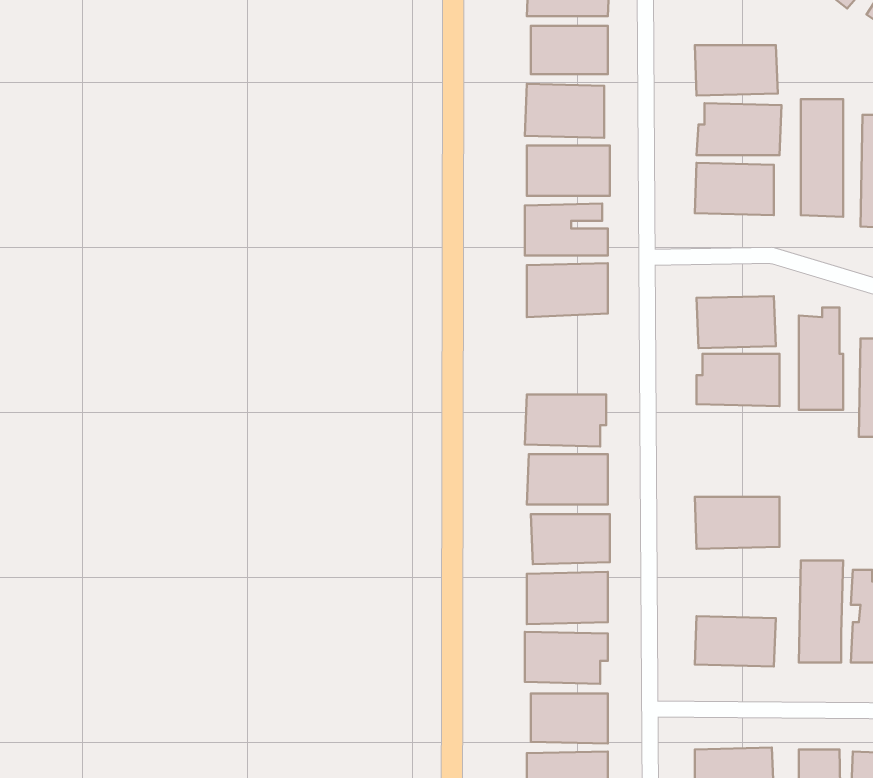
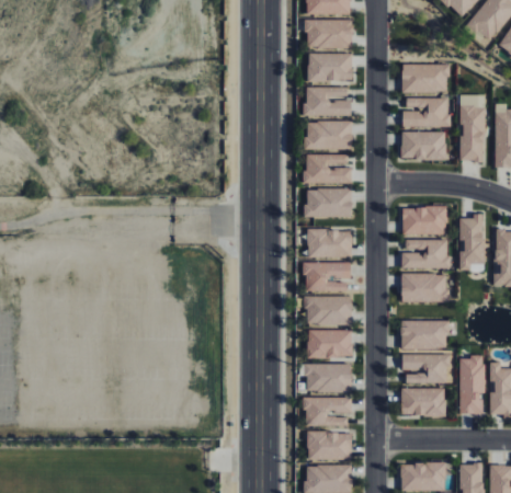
building: none -> [307,229,351,257]
building: none -> [400,273,447,302]
building: none -> [401,354,447,383]

